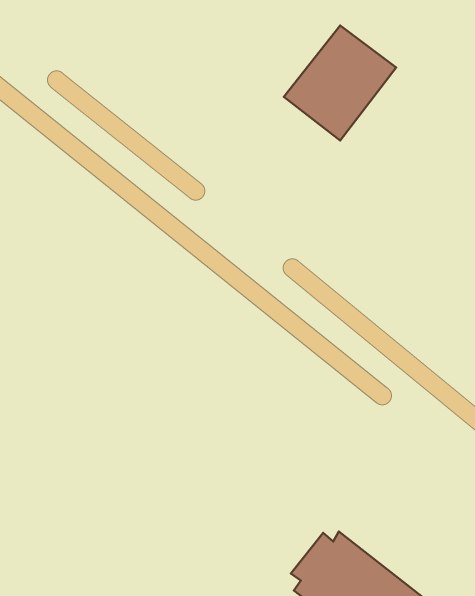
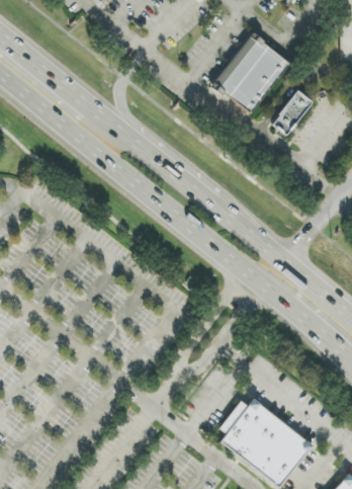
building: none -> [272,91,311,136]

